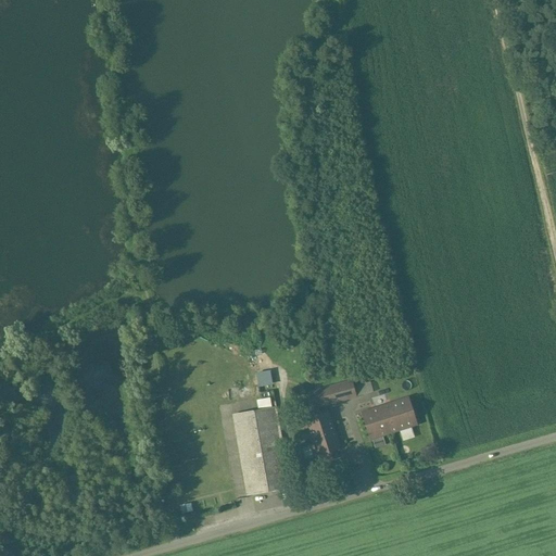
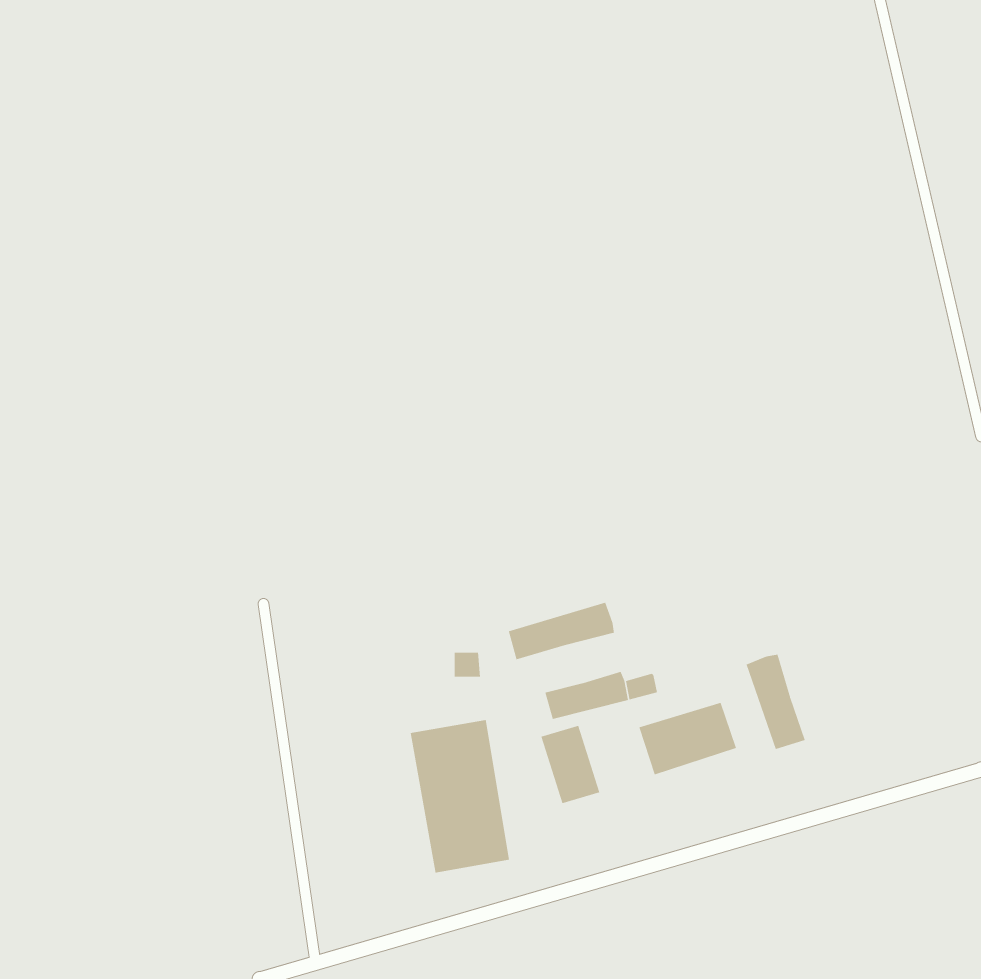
building: none -> [508,602,614,660]
building: none -> [746,654,806,750]

